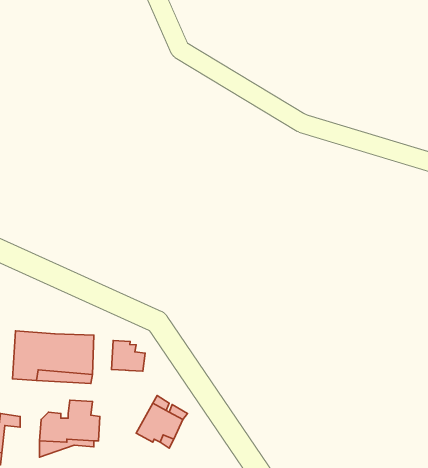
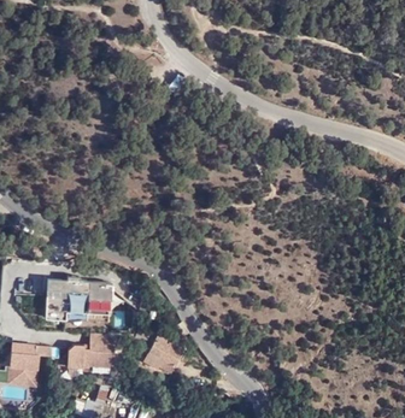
building: [111,341,145,371] -> none

